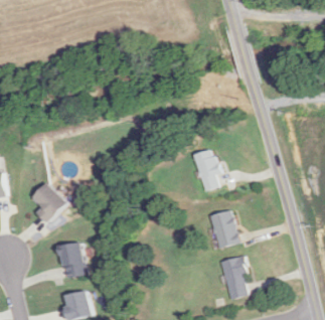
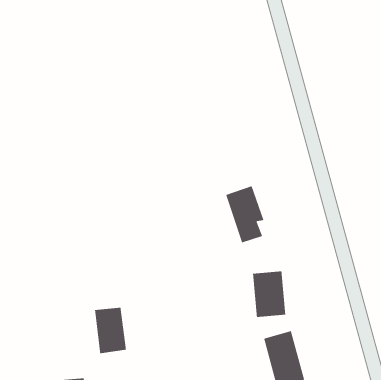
building: [31,183,66,222] -> none
building: [59,243,84,278] -> [94,307,127,354]

